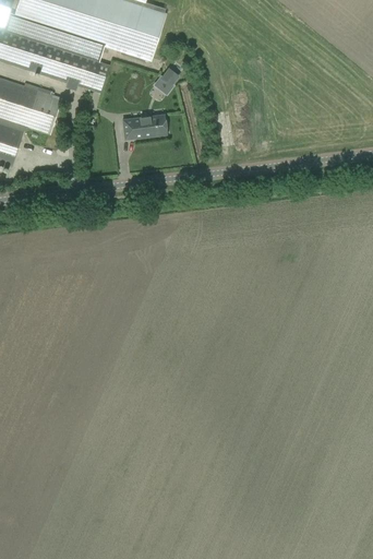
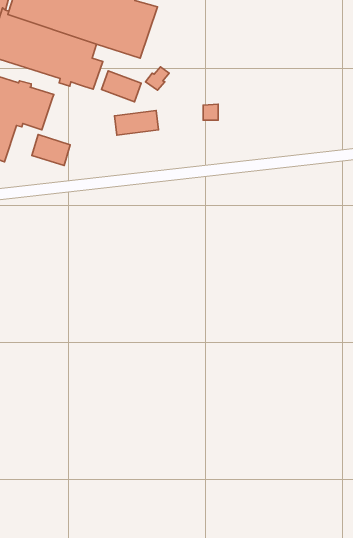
building: none -> [101,71,141,102]
building: none -> [32,135,70,166]

